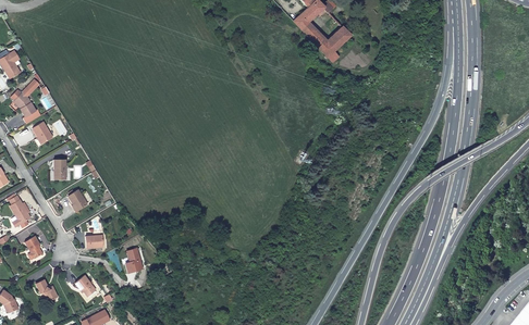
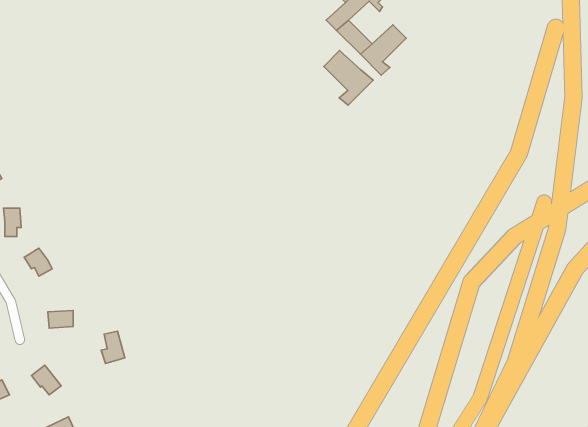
building: none -> [324,50,373,105]

